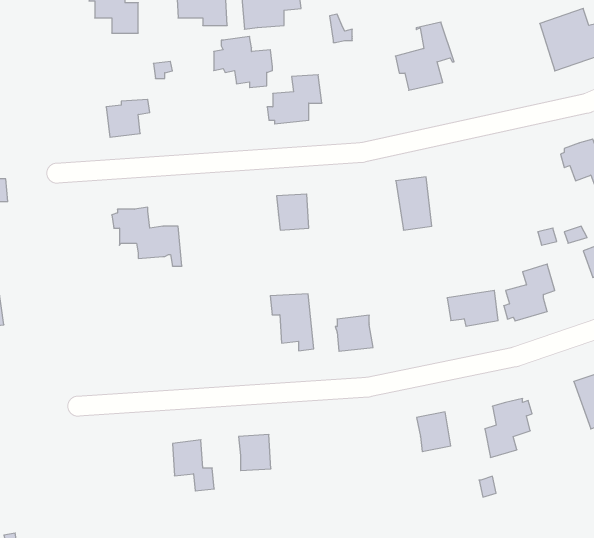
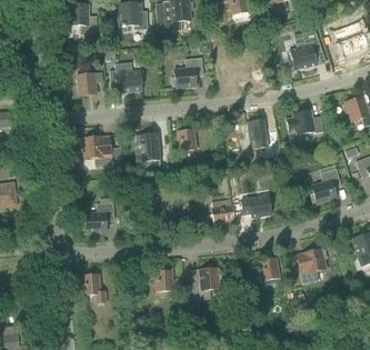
building: [395,22,454,90] -> [289,29,323,69]
building: [214,36,272,88] -> [110,61,144,91]
building: none -> [287,109,323,134]
building: [447,290,498,326] -> [241,196,271,217]
building: [270,294,314,351] -> [136,132,161,166]
building: none -> [82,197,113,231]
building: none -> [192,267,221,299]
building: [173,440,214,491] -> [82,272,107,302]

